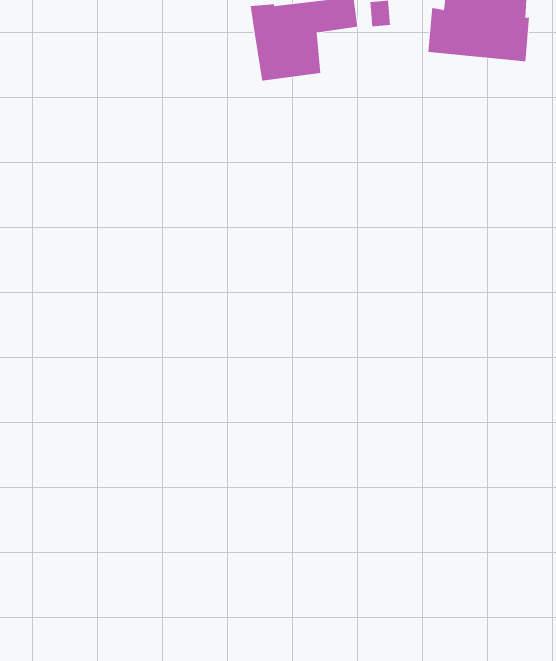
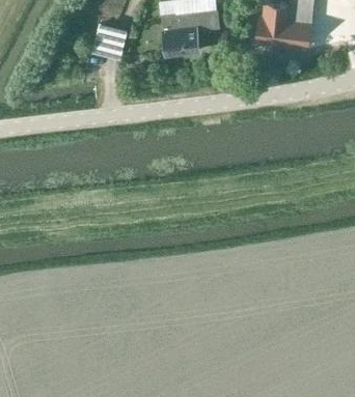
building: none -> [91,23,128,59]

